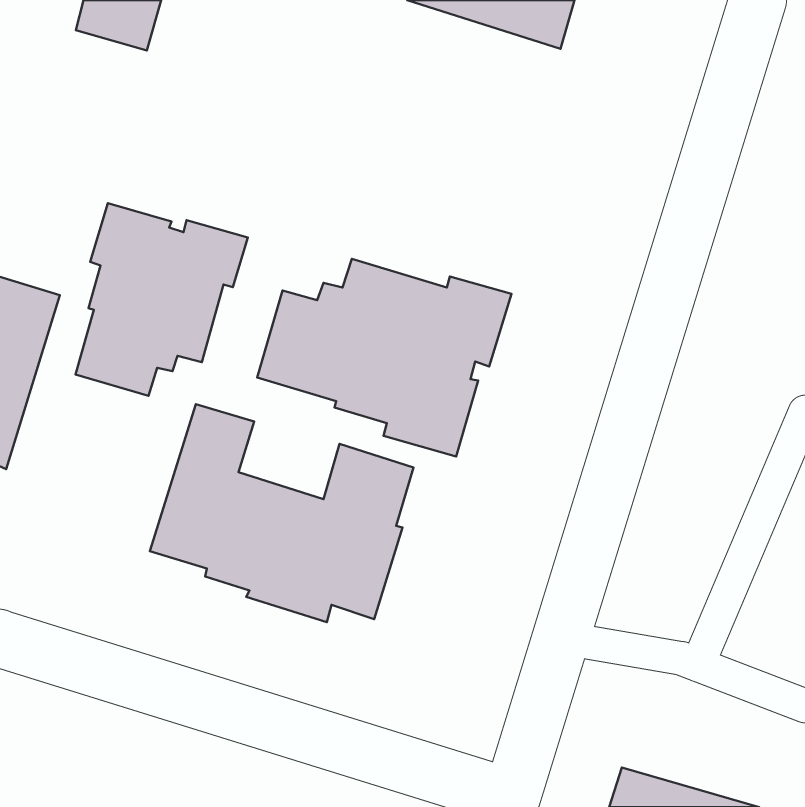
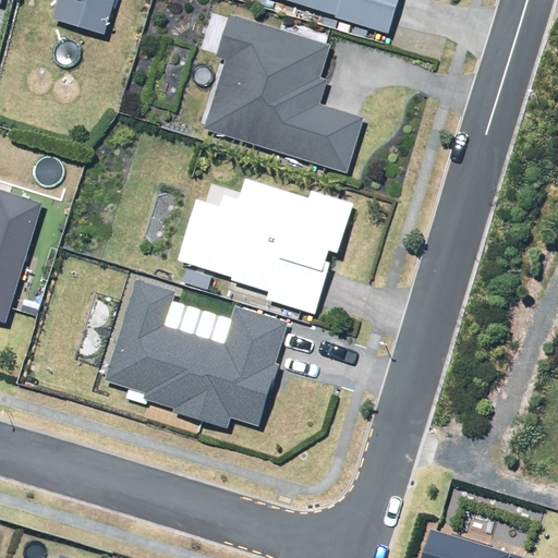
building: none -> [204,14,363,172]
building: [76,203,248,396] -> none

